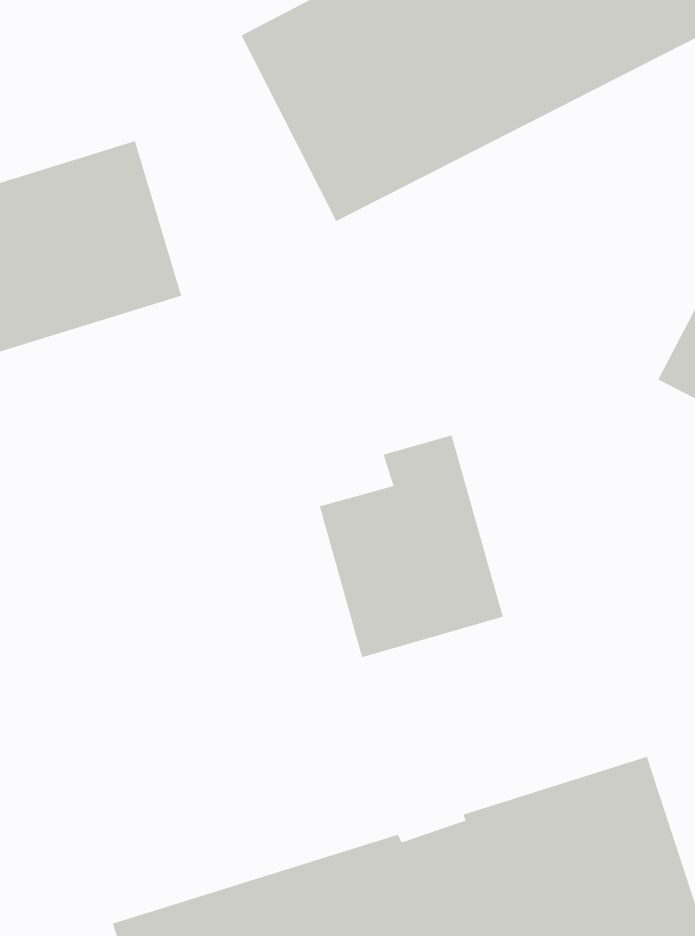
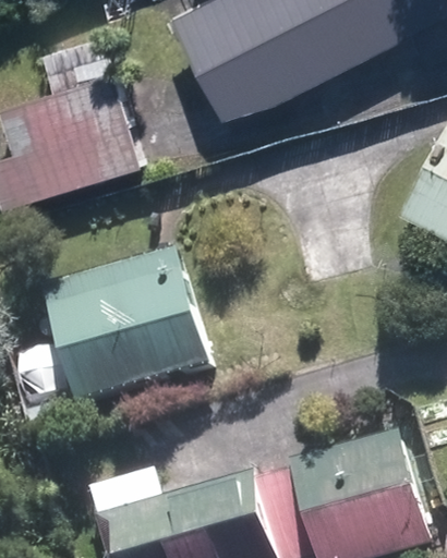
building: [319,434,504,658] -> none
building: none -> [49,257,208,404]

